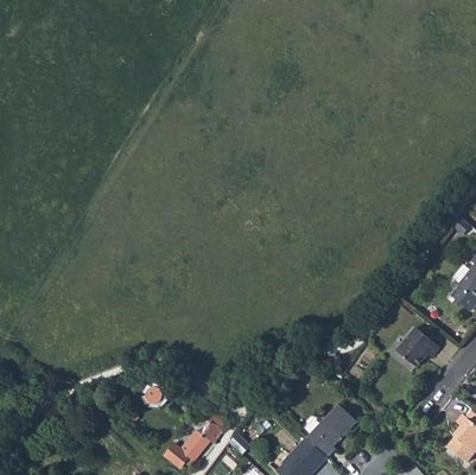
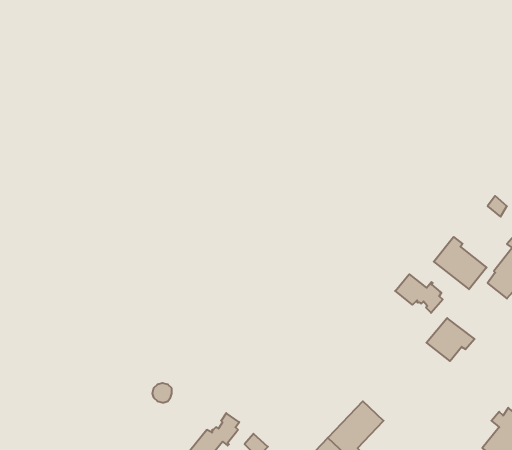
building: none -> [434,237,487,289]
building: none -> [395,274,443,313]

